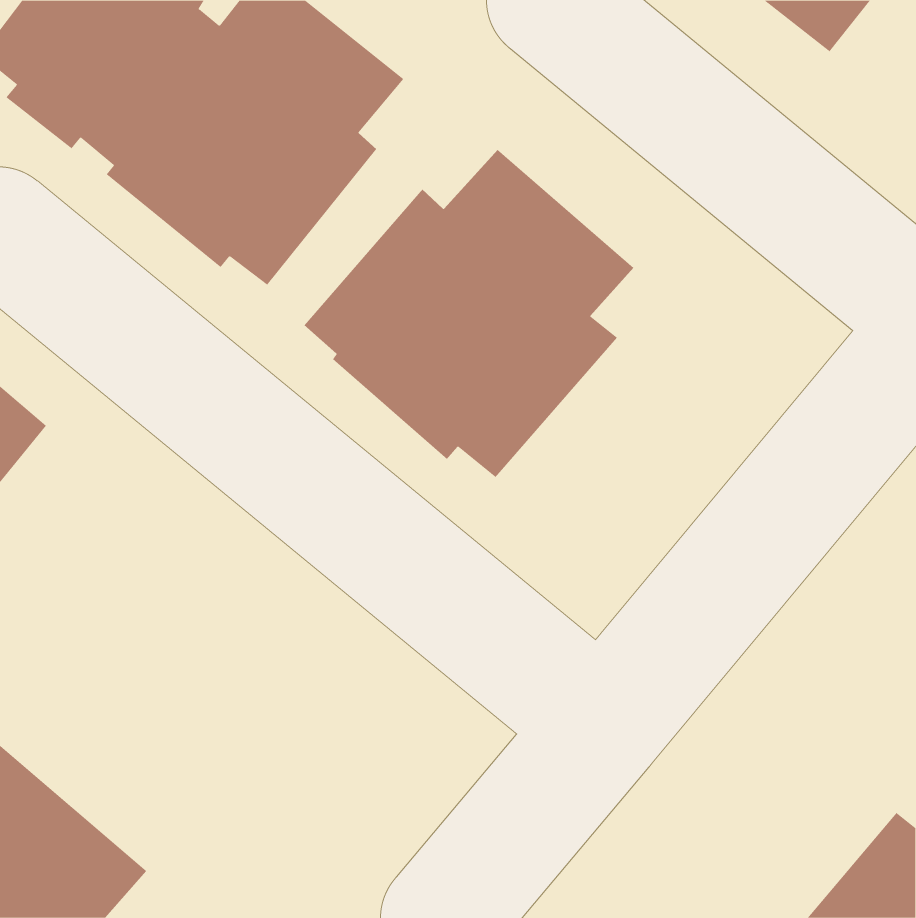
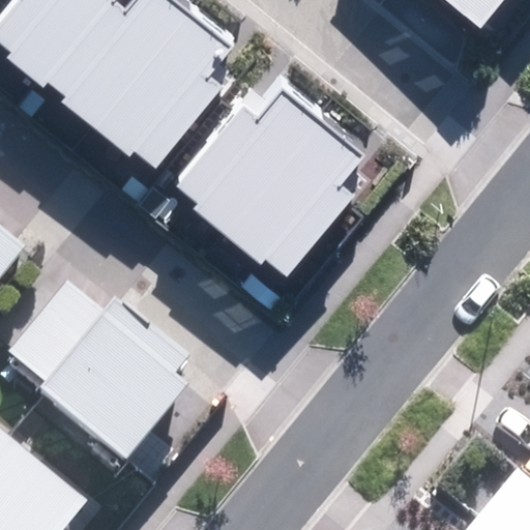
building: none -> [5,282,189,460]

